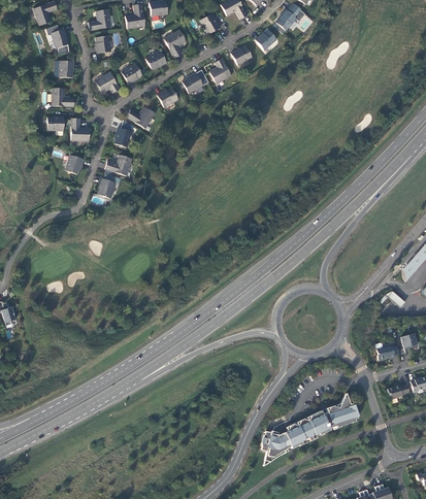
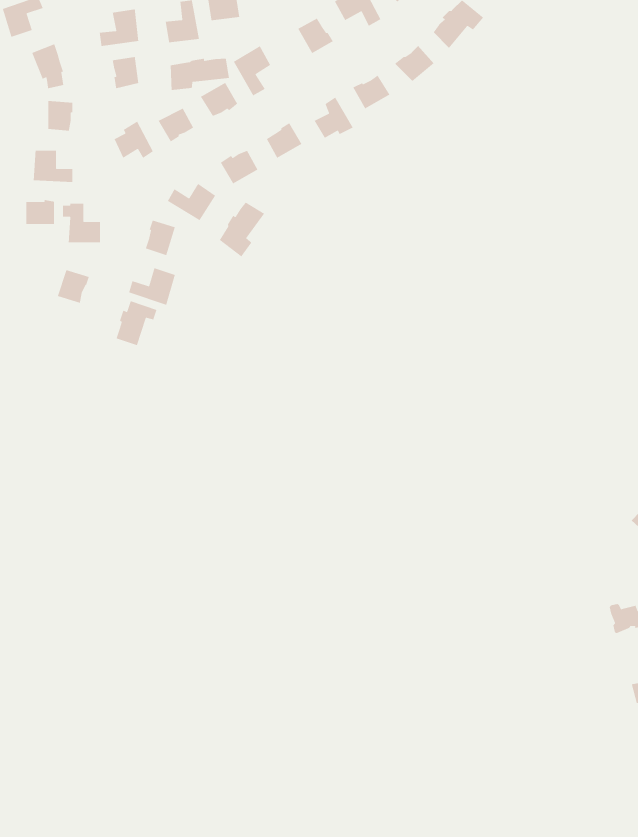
building: none -> [170,58,230,91]
building: none -> [219,202,265,257]
building: [261,396,356,461] -> none

